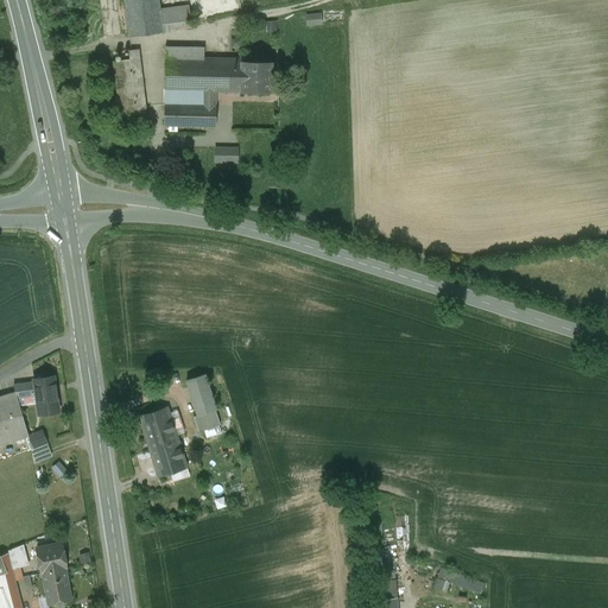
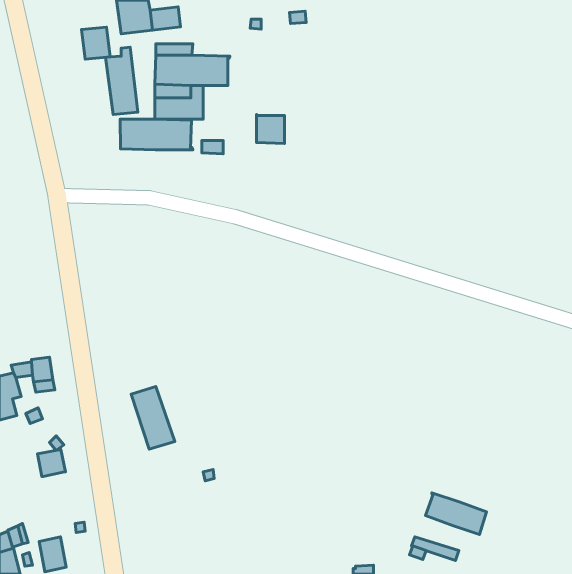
building: none -> [81,27,110,59]
building: [241,61,271,91] -> [256,114,284,144]
building: none -> [120,119,193,150]
building: [190,381,224,433] -> none
building: none -> [425,493,487,534]
building: [36,544,65,572] -> [37,450,65,476]

